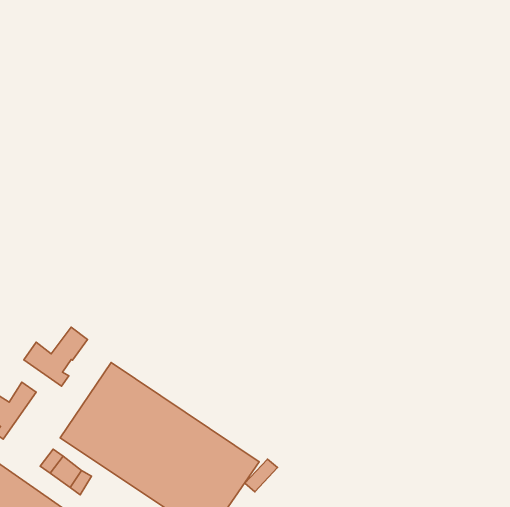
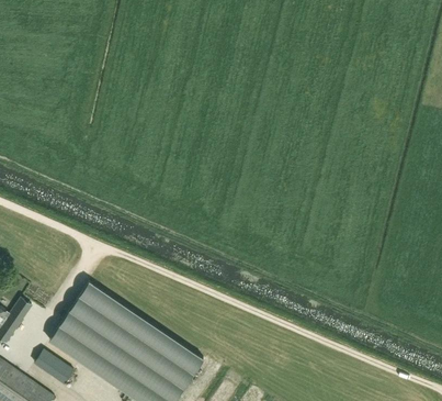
building: [24,327,88,386] -> none

